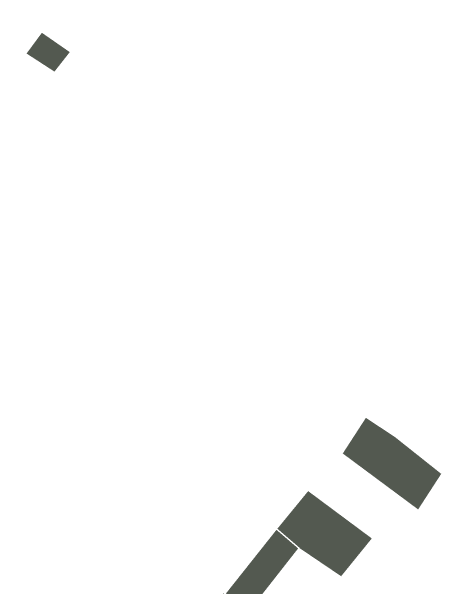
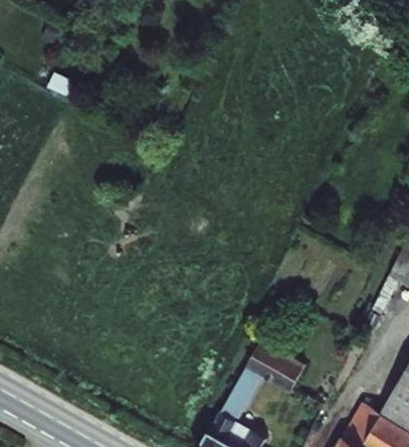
building: [342,417,442,511] -> none

